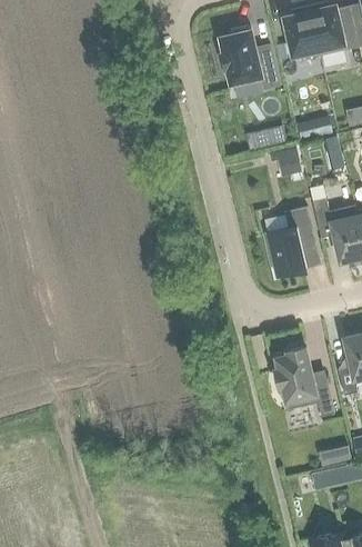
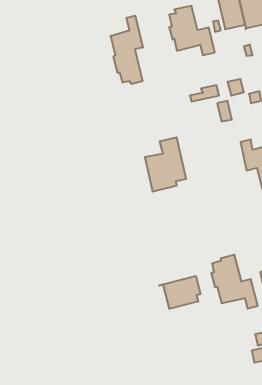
building: none -> [111,16,143,84]
building: [265,207,319,277] -> [145,137,186,192]
building: none -> [159,276,200,309]

